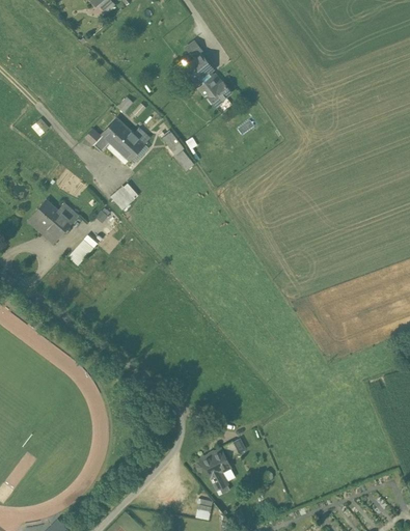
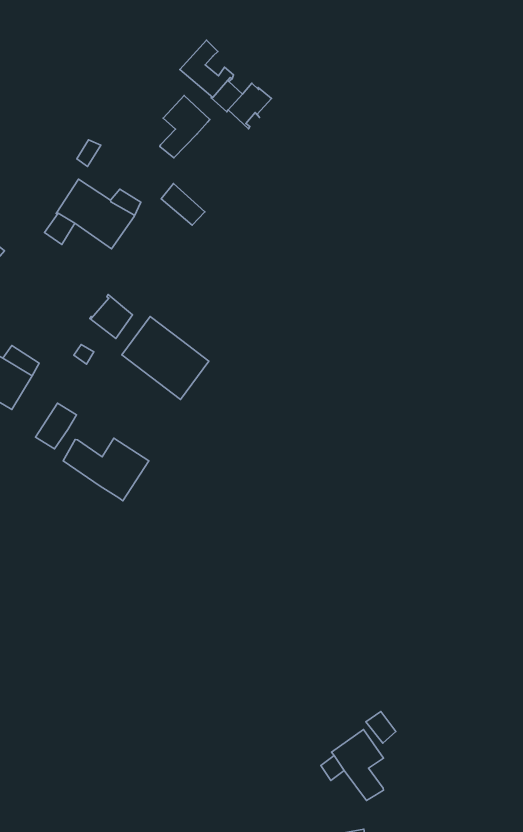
building: none -> [160,96,210,158]
building: none -> [122,316,209,400]
building: none -> [63,438,149,501]

